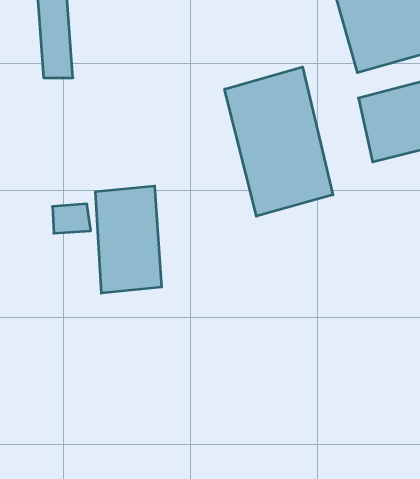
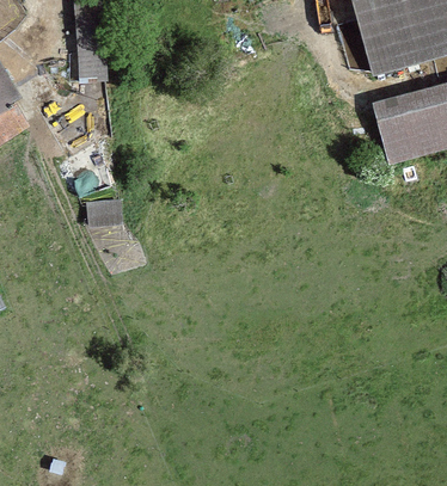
building: [225,67,333,216] -> none
building: [96,186,162,293] -> none

